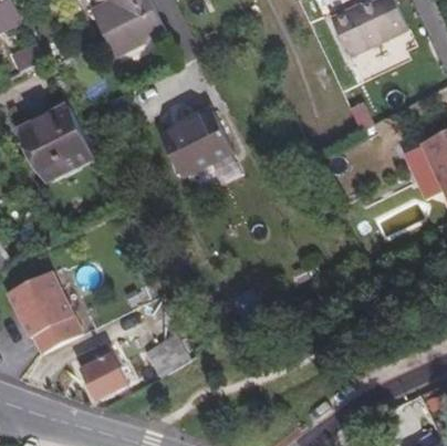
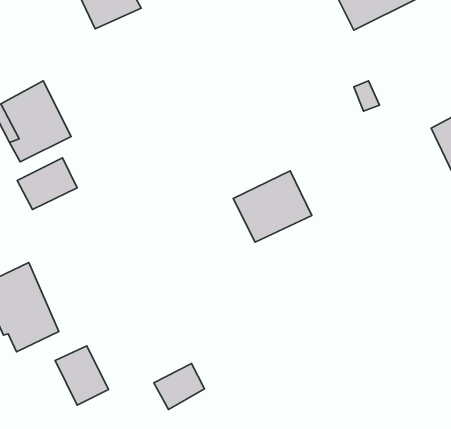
building: [159,113,231,178] -> [233,171,312,242]
building: none -> [17,158,77,209]
building: [143,335,189,377] -> [154,364,205,410]

